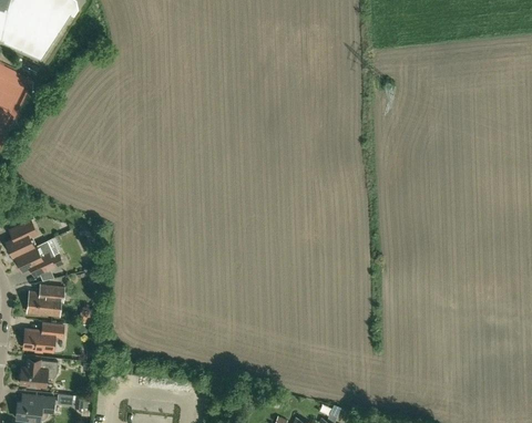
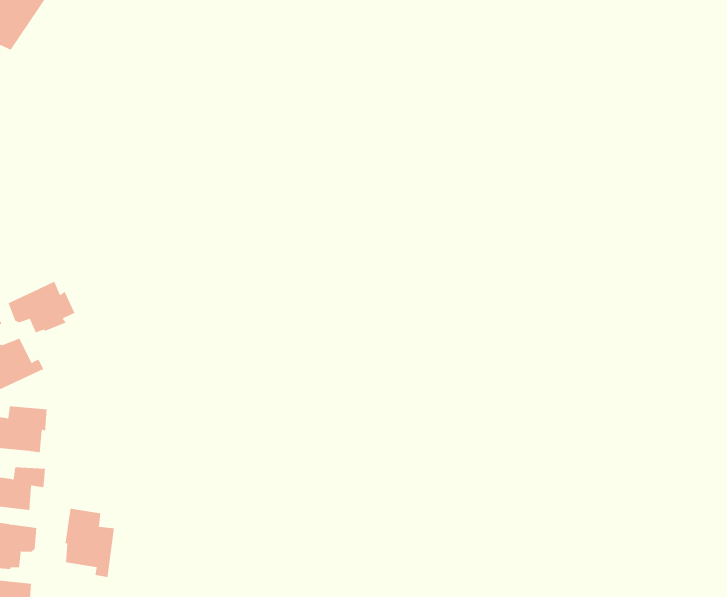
building: none -> [8,281,75,333]
building: none -> [65,508,114,578]

